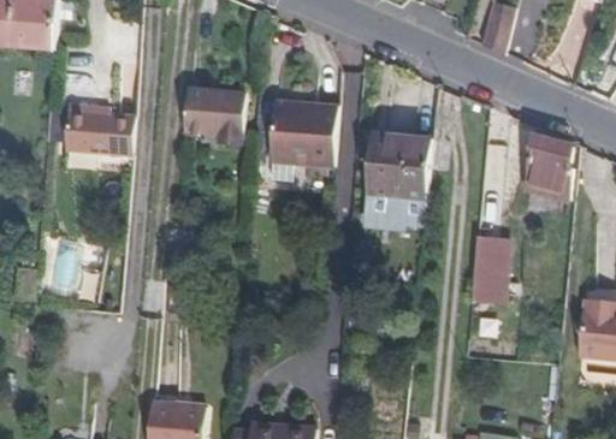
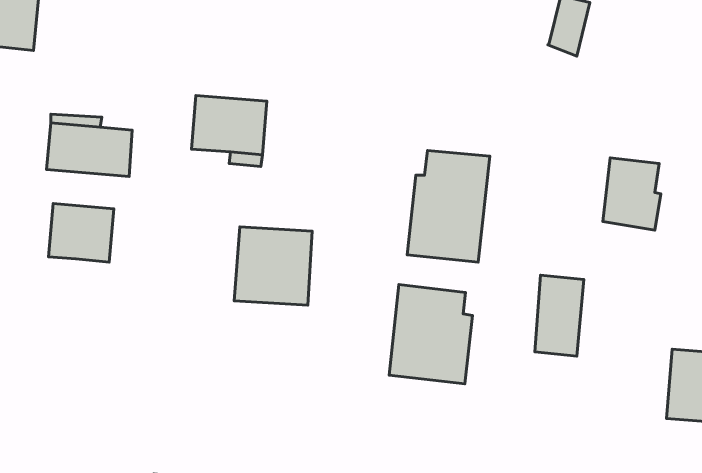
building: [270,100,334,165] -> [234,227,312,305]
building: none -> [48,203,114,262]
building: none -> [389,284,472,384]

